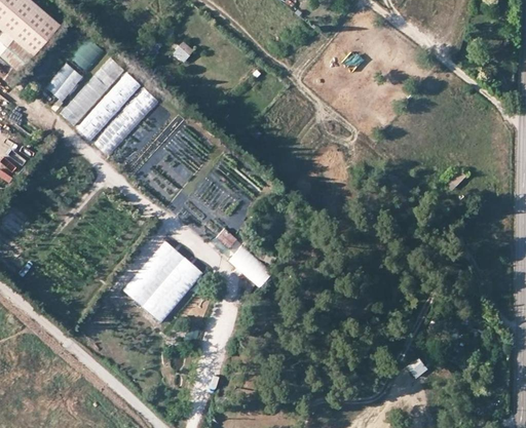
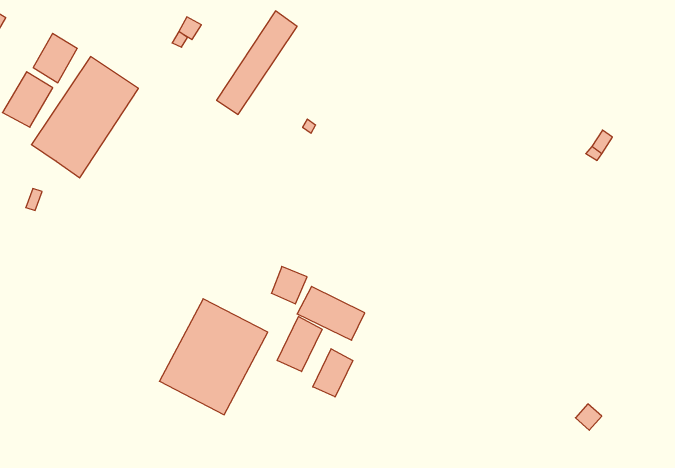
building: [93,89,158,157] -> [217,11,297,114]
building: none -> [277,316,322,372]
building: none -> [313,349,353,397]

